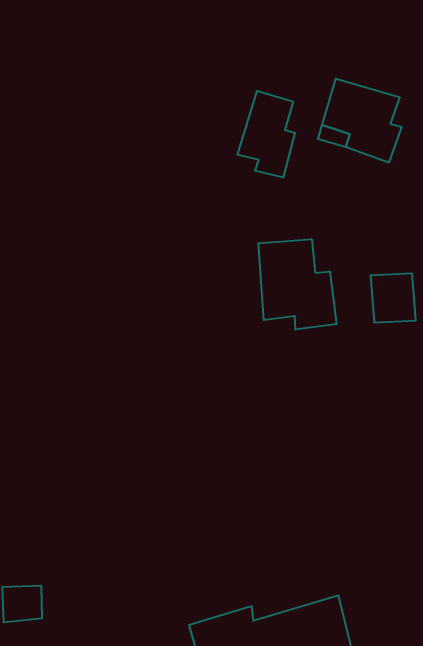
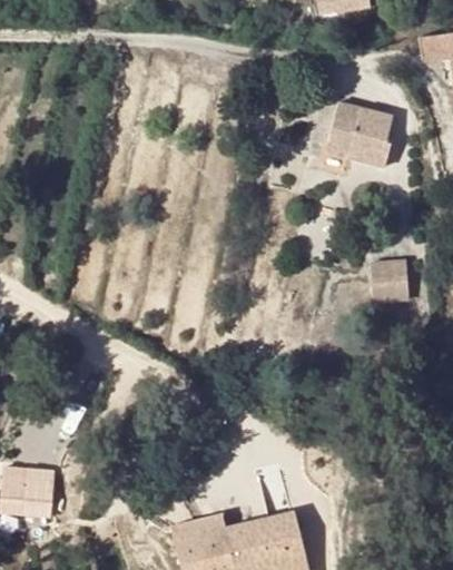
building: [237,91,295,178] -> none
building: [258,239,337,330] -> none

